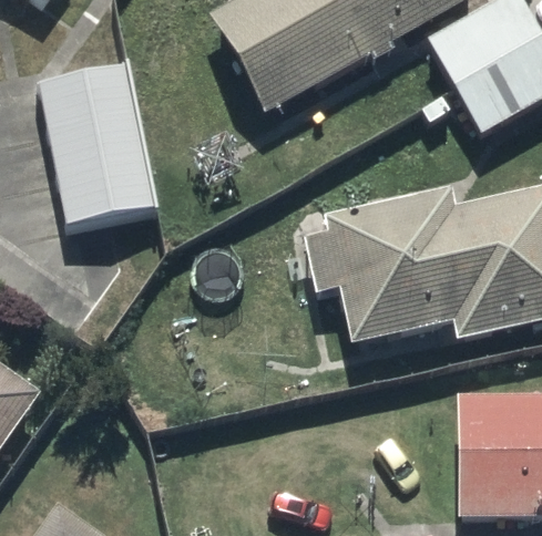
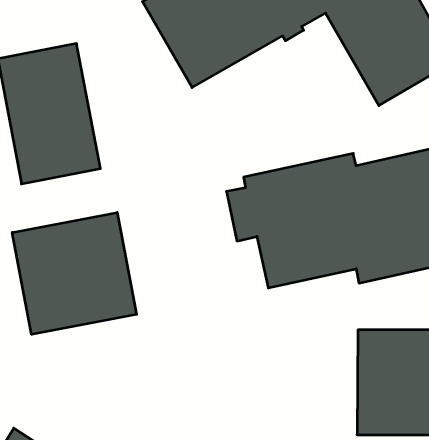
building: none -> [12,212,137,334]

